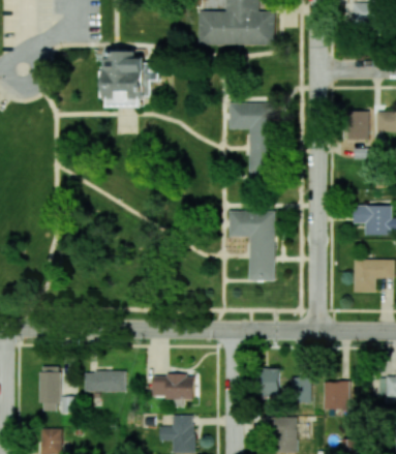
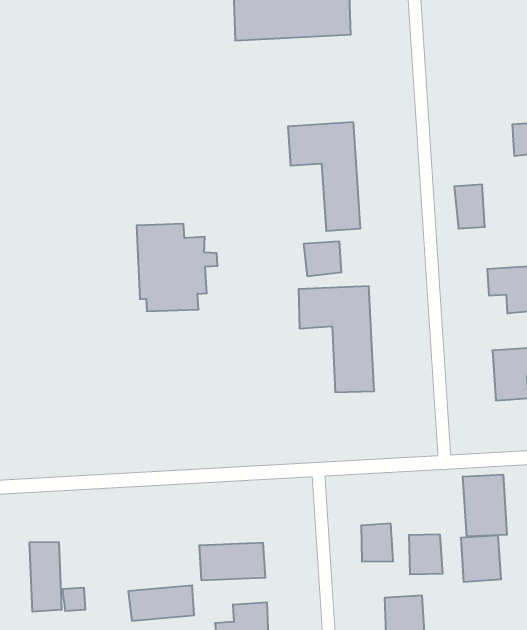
building: [105,51,158,109] -> [137,224,218,311]
building: [349,112,368,140] -> [454,185,485,229]
building: none -> [304,241,341,276]
building: none -> [463,475,507,537]
building: [84,371,126,392] -> [128,585,194,621]

